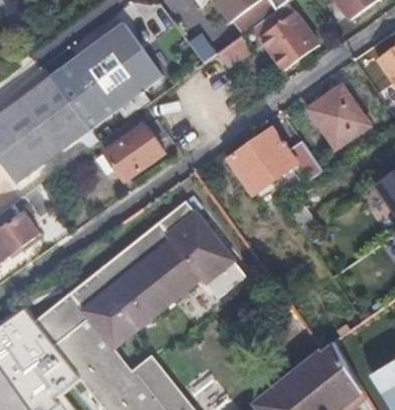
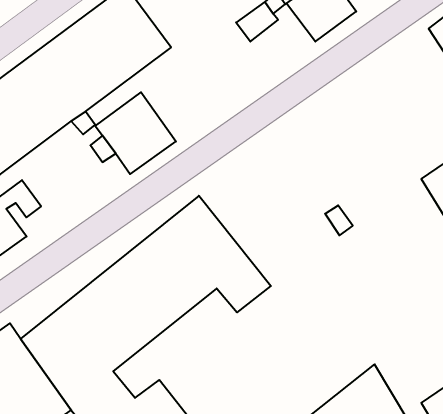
building: [307,84,370,149] -> none
building: [227,127,321,194] -> none

